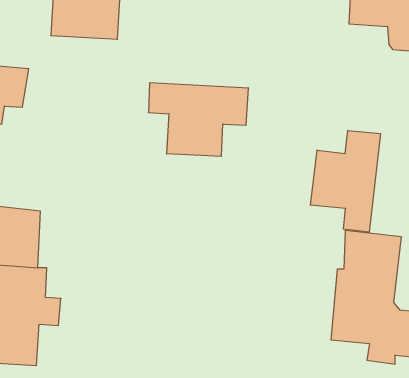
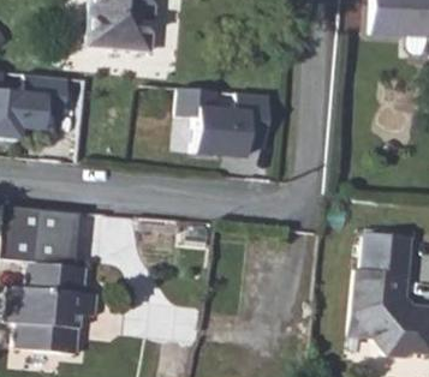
building: [310,130,381,232] -> none

